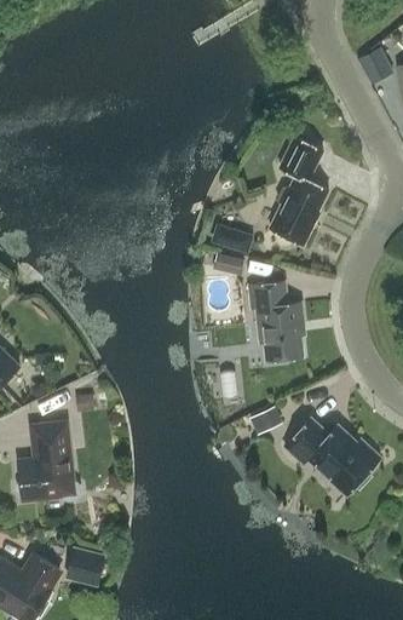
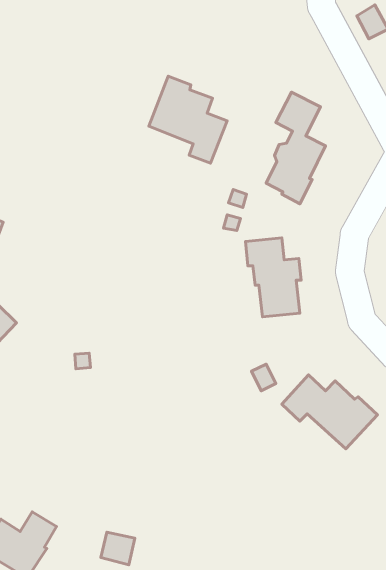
building: none -> [149,76,227,163]
building: [15,423,80,501] -> none
building: [67,547,100,580] -> [101,532,135,565]

